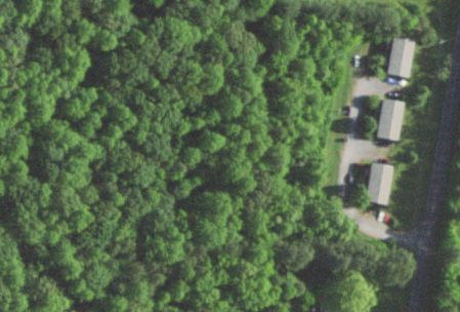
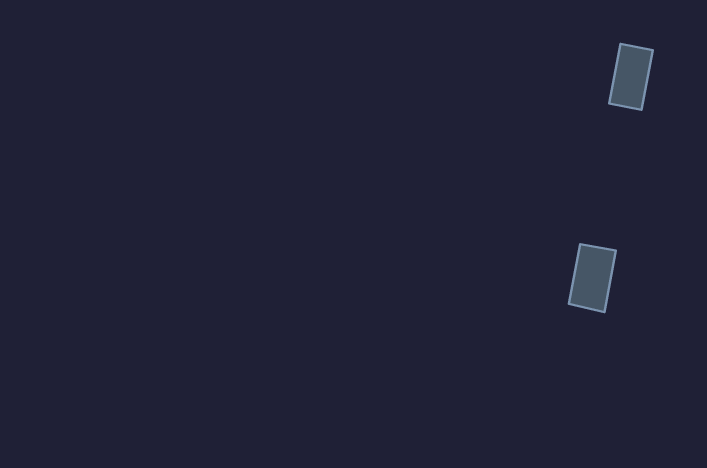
building: [374,99,403,141] -> none

